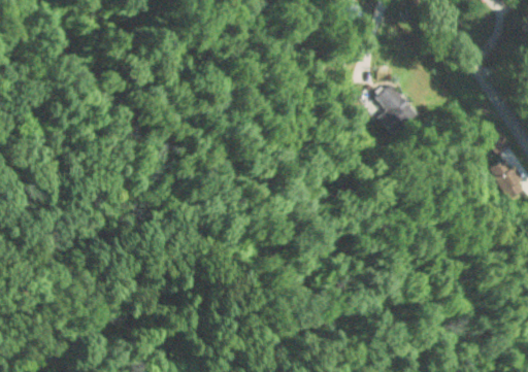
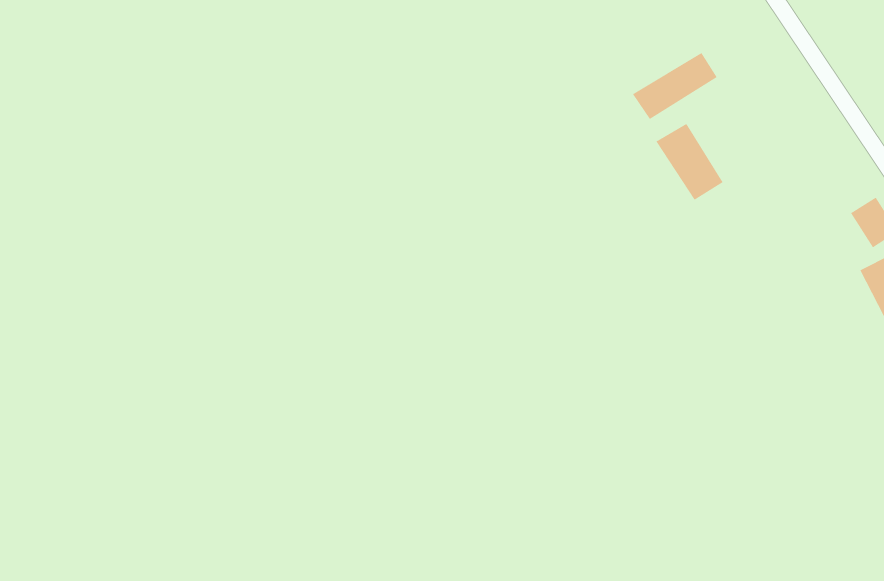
building: none -> [632,52,717,120]

